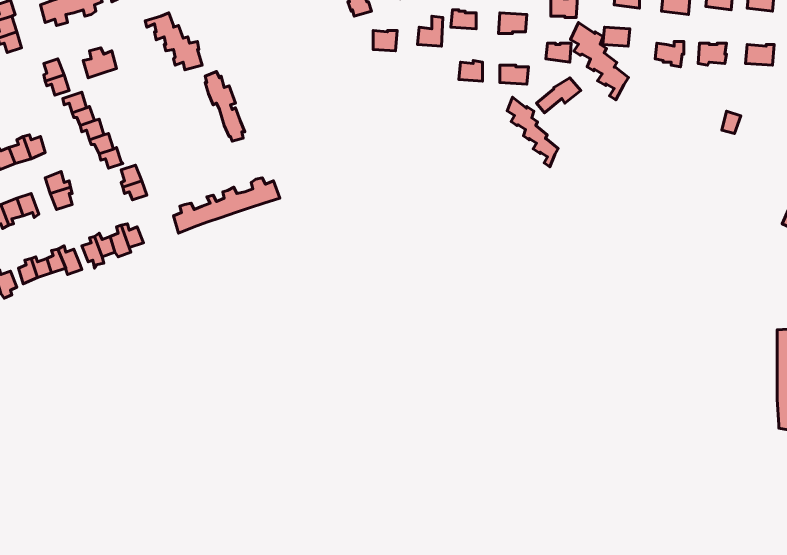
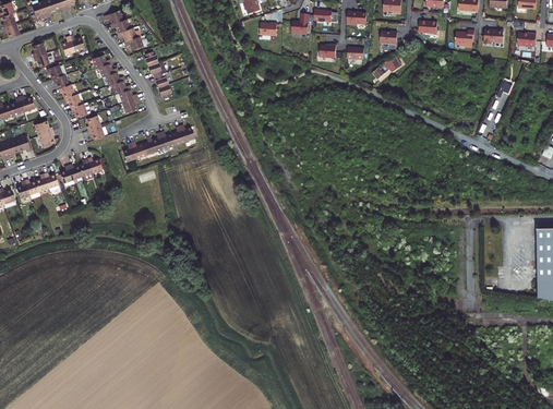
building: [570,23,629,100] -> none
building: none -> [93,56,141,113]
building: [507,97,558,167] -> none

